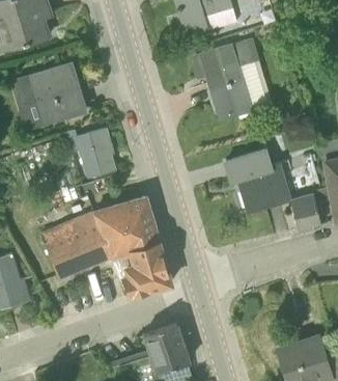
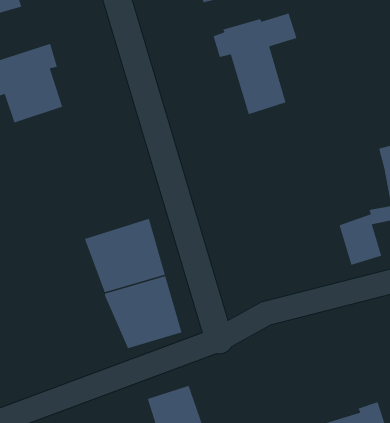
building: [64,128,115,178] -> none
building: [226,151,290,210] -> none
building: [41,212,112,276] -> none

